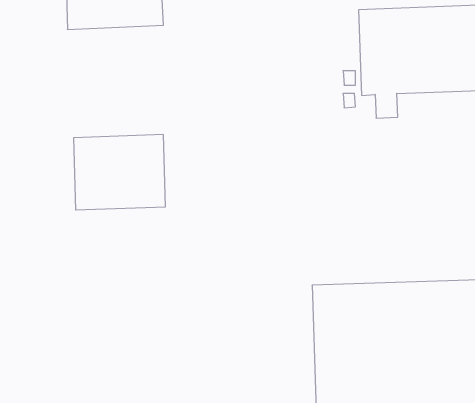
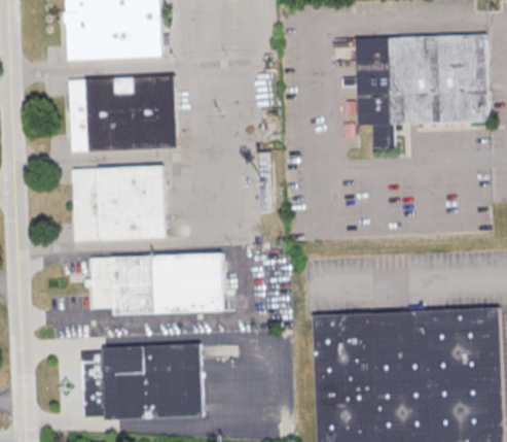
building: none -> [69,77,178,152]
building: none -> [85,252,224,313]
building: none -> [81,344,203,419]

